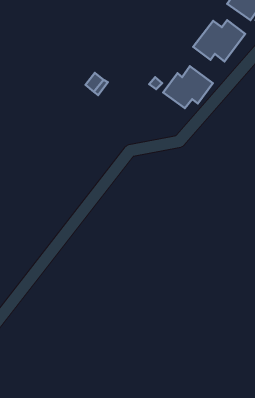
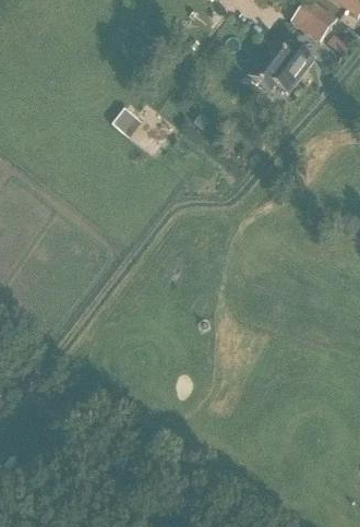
building: [163,66,213,108] -> none

